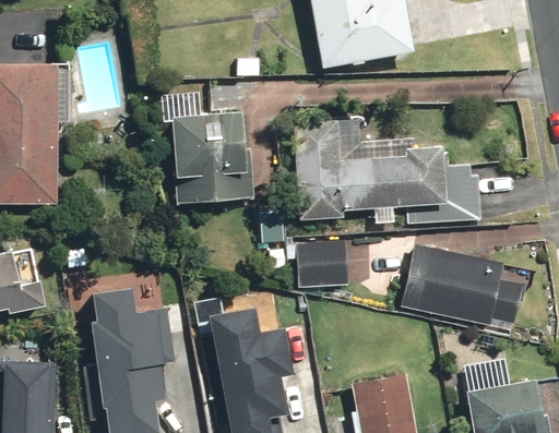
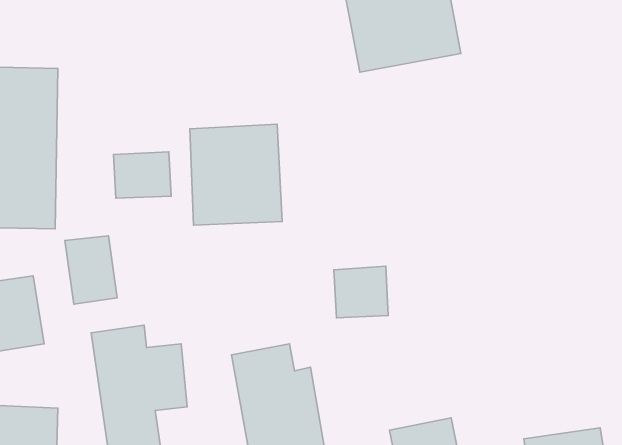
building: [295,119,480,225] -> none
building: none -> [114,152,171,198]
building: none -> [65,236,117,304]
building: [404,245,524,329] -> none

